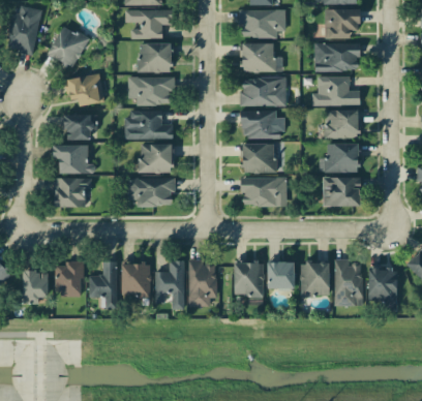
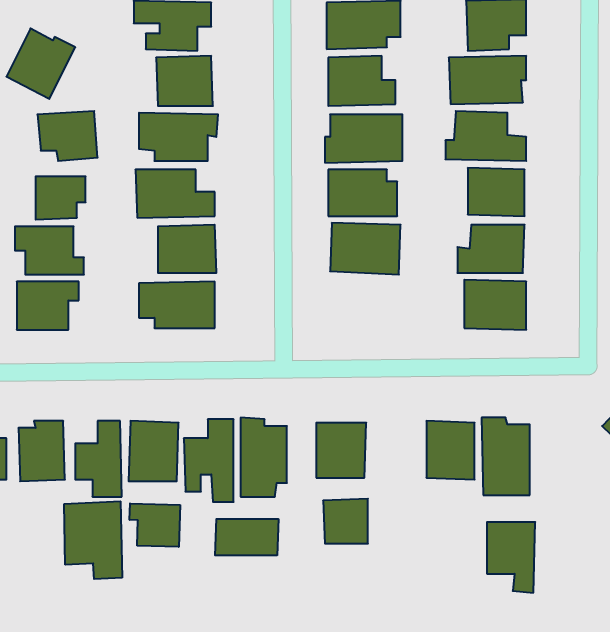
building: [240,177,287,207] -> none
building: [267,261,294,288] -> [323,499,368,544]
building: [368,269,397,311] -> [487,522,535,593]
building: none -> [64,501,122,579]
building: none -> [130,503,180,547]
building: none -> [215,519,278,555]

